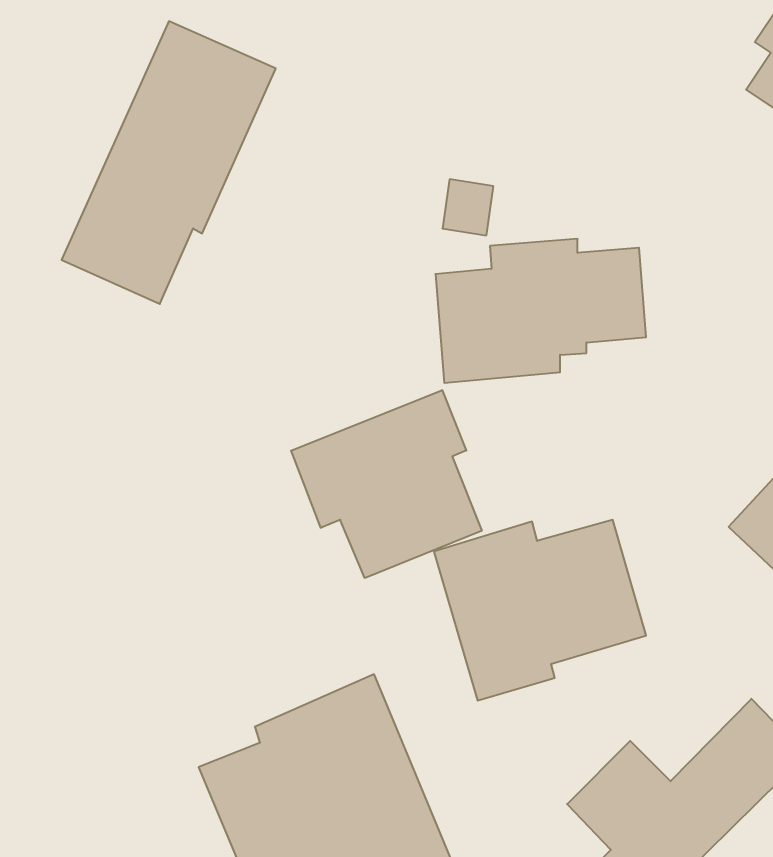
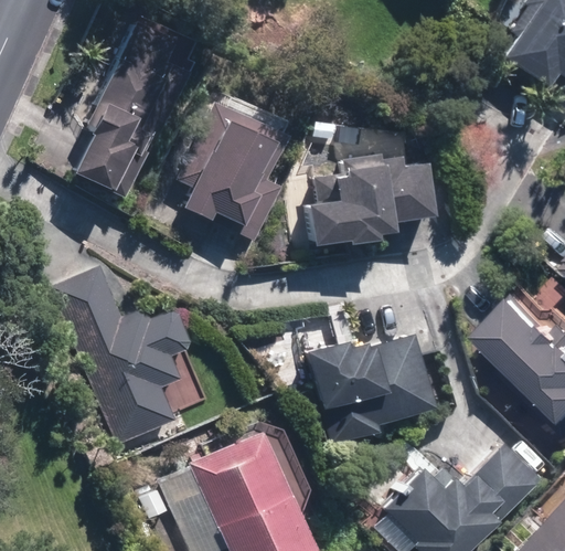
building: none -> [178,88,295,239]
building: [291,390,482,578] -> none
building: none -> [51,267,195,448]

